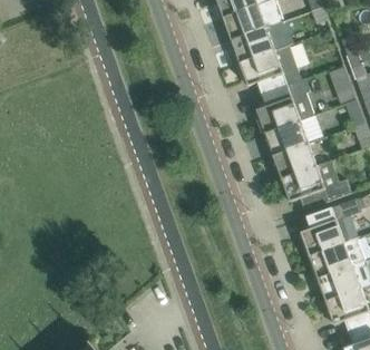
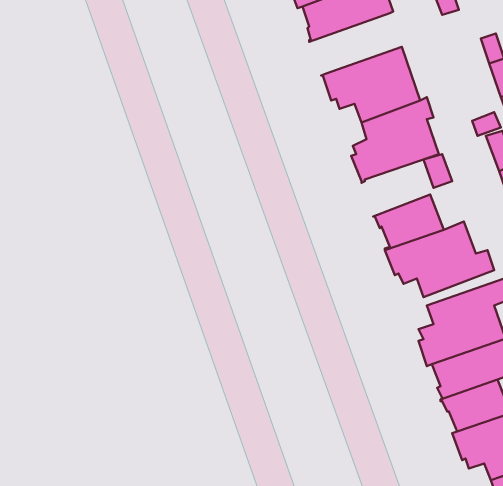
building: [227,21,289,61] -> none
building: [264,119,308,156] -> none

